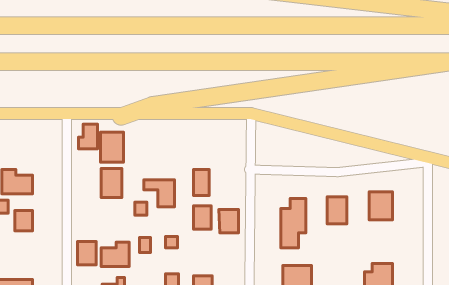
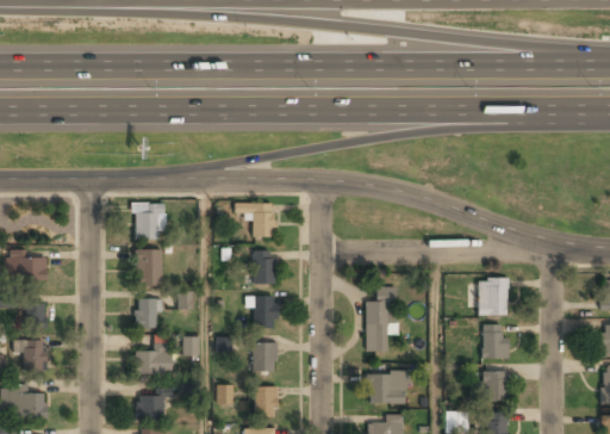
building: [79,124,97,149] -> none
building: [144,180,175,207] -> [235,203,274,237]
building: [327,197,347,224] -> [483,324,508,359]
building: [219,209,238,233] -> [253,342,278,372]
building: none -> [14,340,45,372]
building: [77,242,96,265] -> [136,298,160,328]

